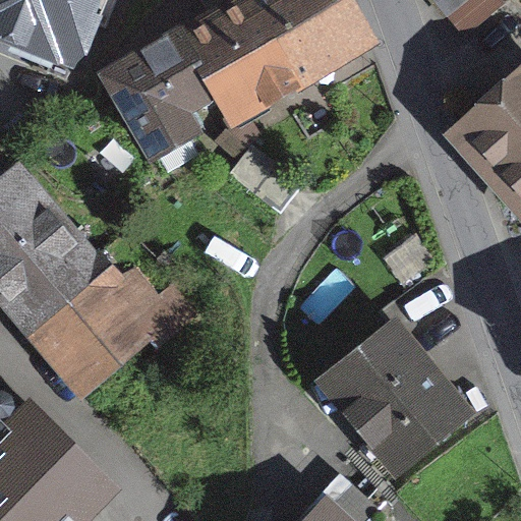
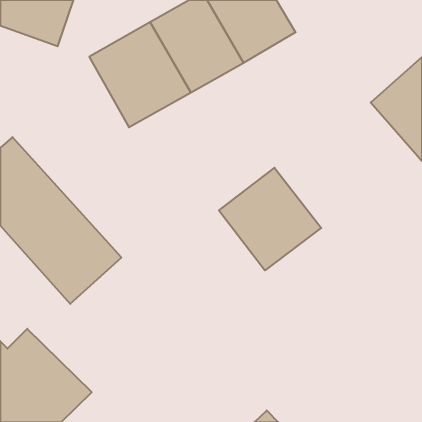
building: none -> [219,168,321,270]
building: [329,324,460,459] -> none

